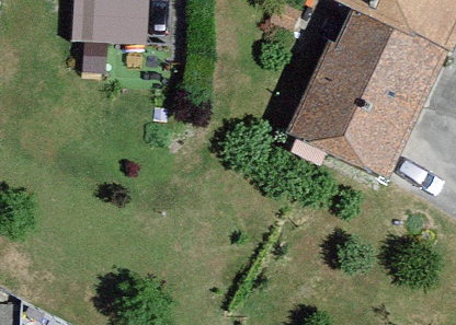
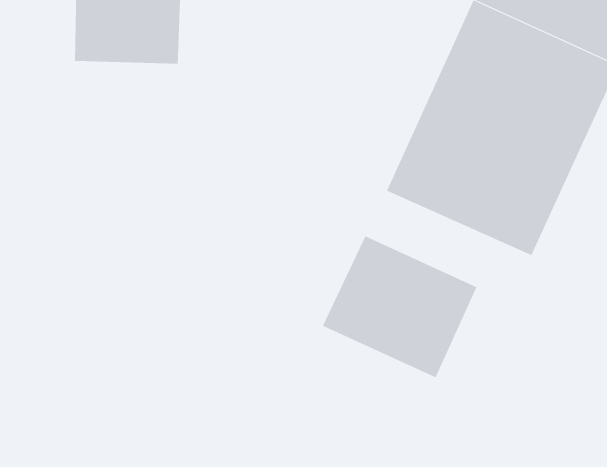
building: none -> [322,236,477,378]

